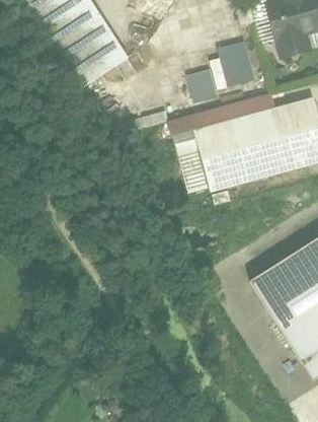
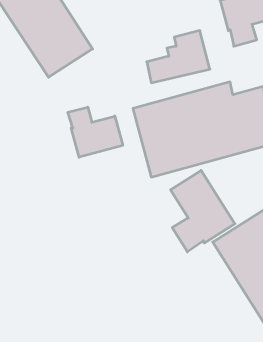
building: none -> [68,107,123,157]
building: none -> [171,170,235,252]

